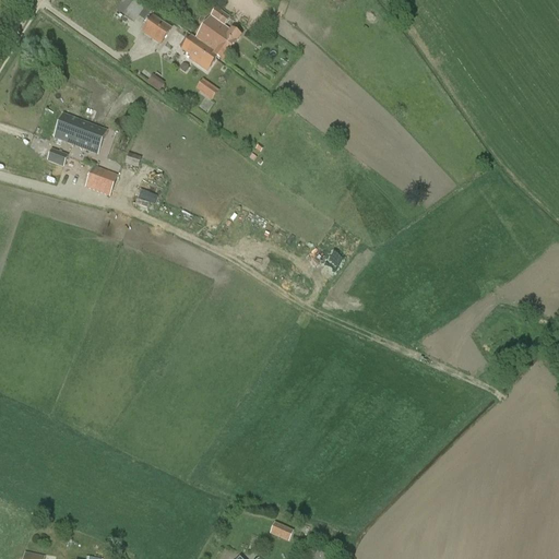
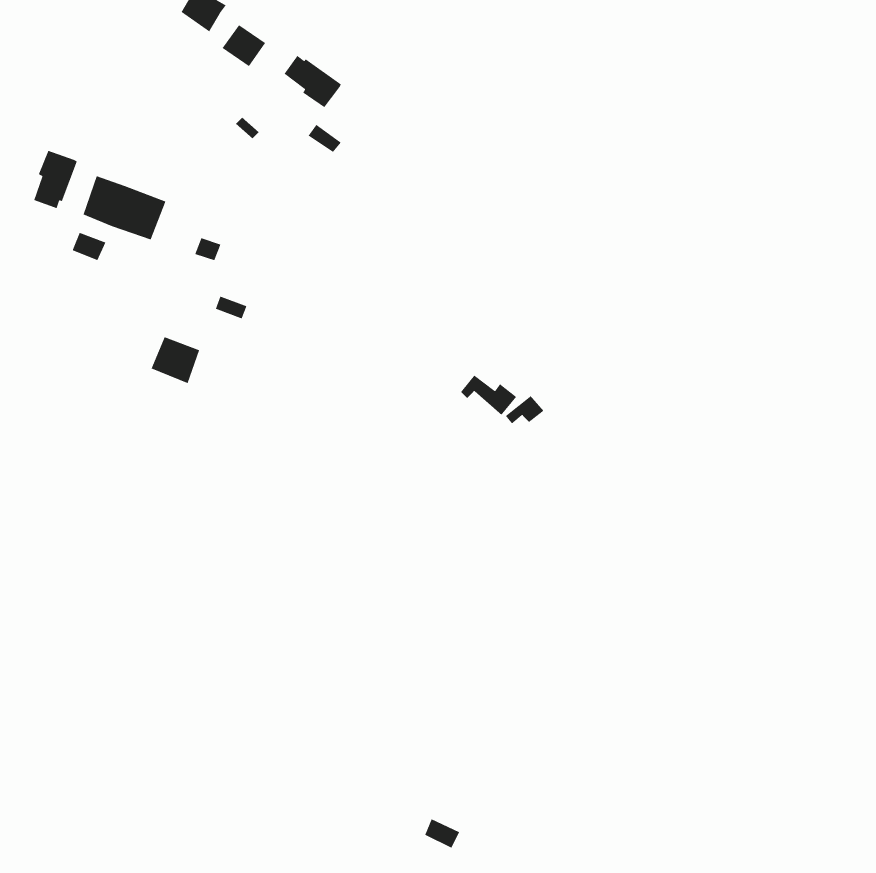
building: [194,7,239,60] -> none
building: none -> [33,150,78,209]
building: [84,165,116,195] -> [150,336,200,384]

